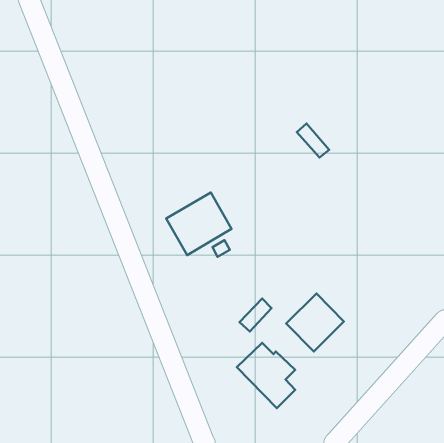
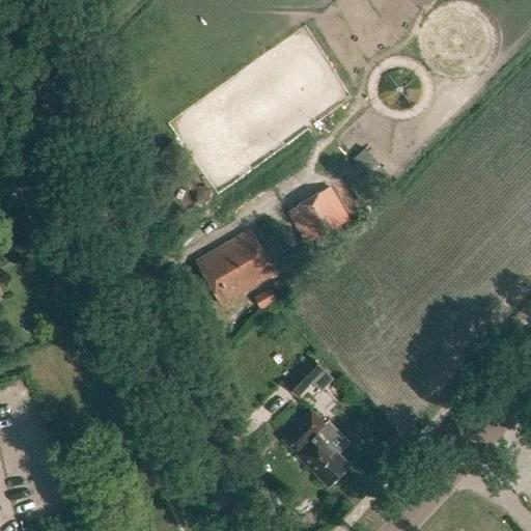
building: none -> [291,187,351,250]
building: [286,294,344,352] -> none

